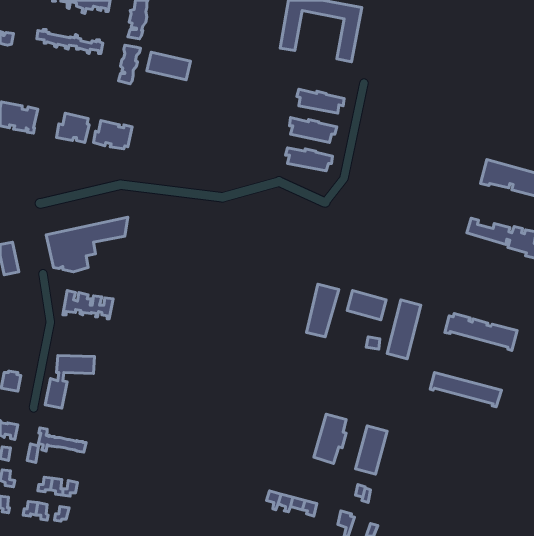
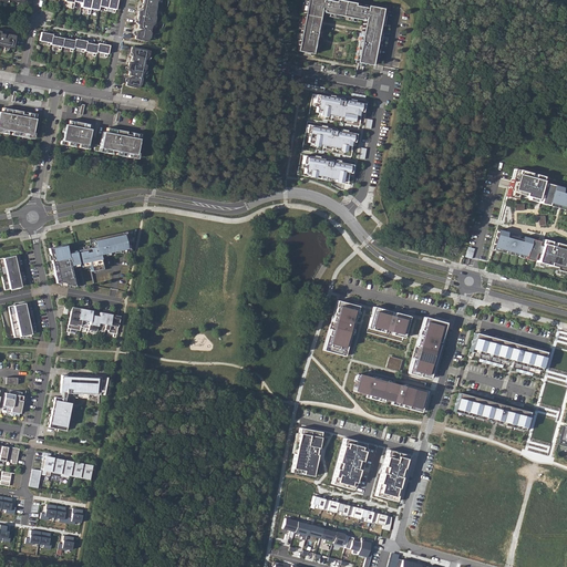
building: [147,52,191,80] -> none
building: none -> [10,302,33,338]
building: none -> [355,374,429,410]
building: none -> [295,426,324,475]

